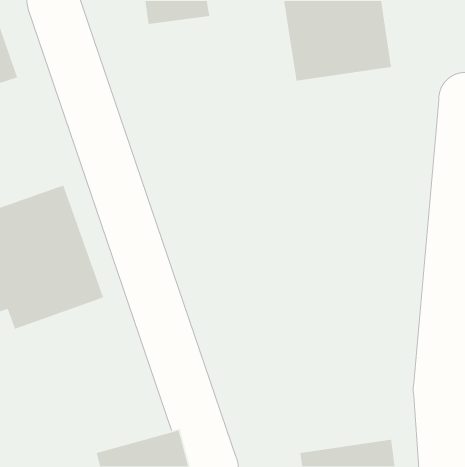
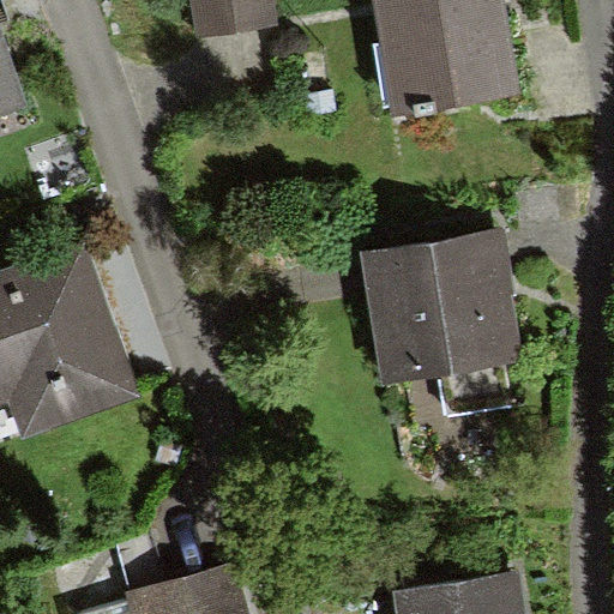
building: none -> [363,236,518,419]

